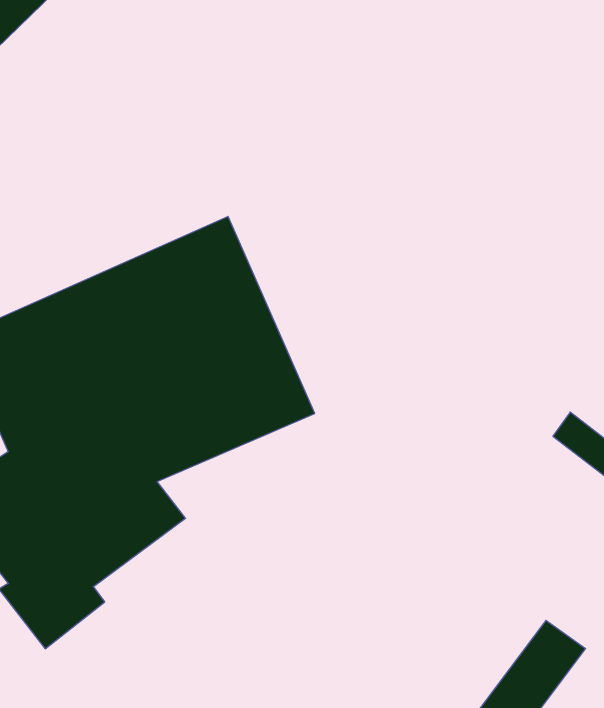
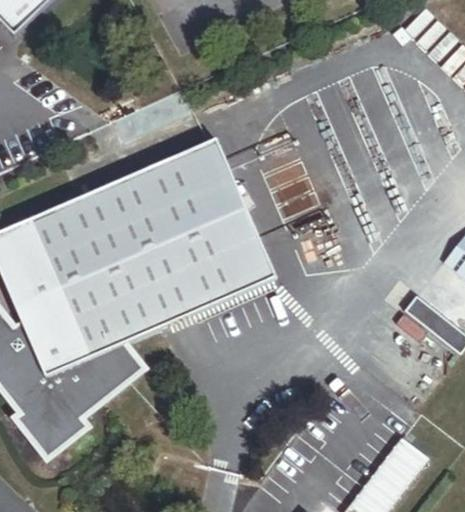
building: none -> [174,137,275,293]

